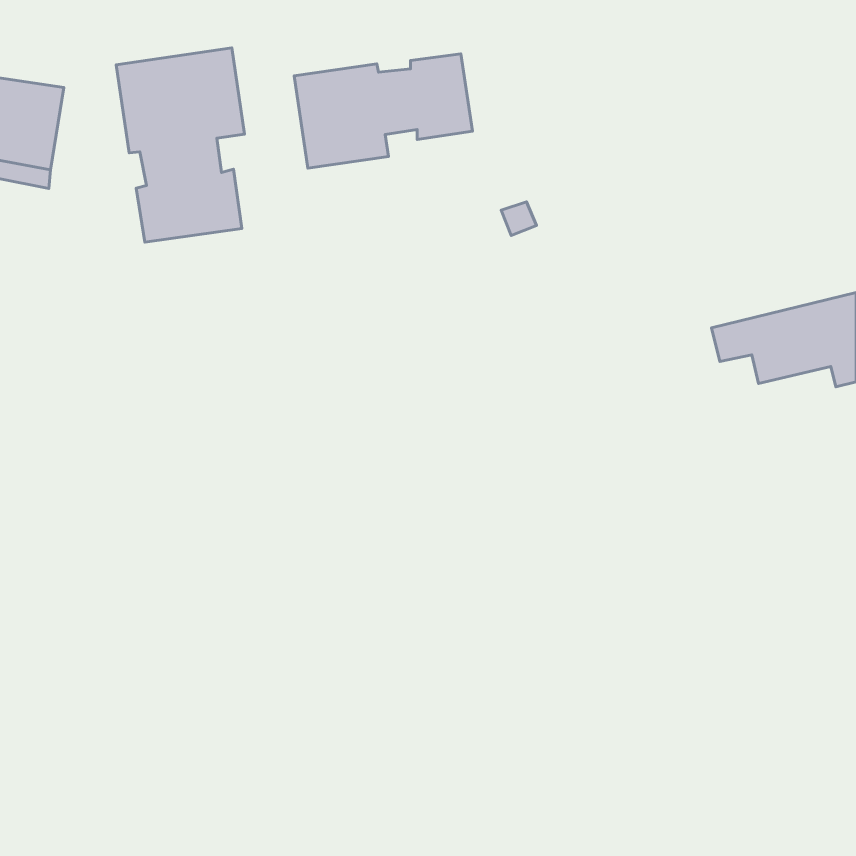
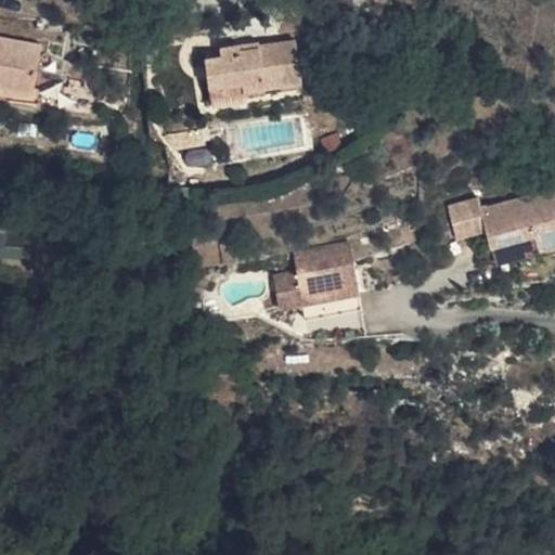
building: [116,48,244,242] -> none
building: none -> [275,240,361,317]

